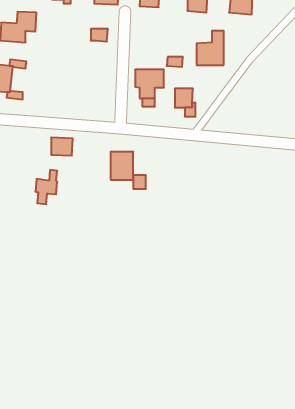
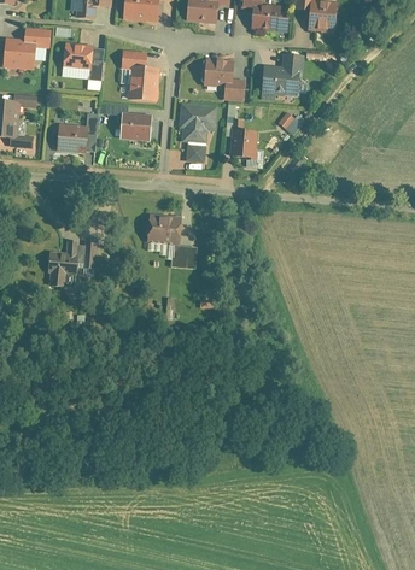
building: none -> [63,43,89,70]
building: none -> [206,59,233,86]
building: none -> [128,66,157,99]
building: none -> [119,113,151,139]
building: [51,138,73,156] -> [58,127,87,151]

